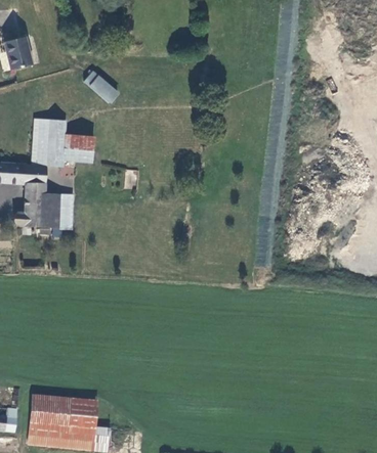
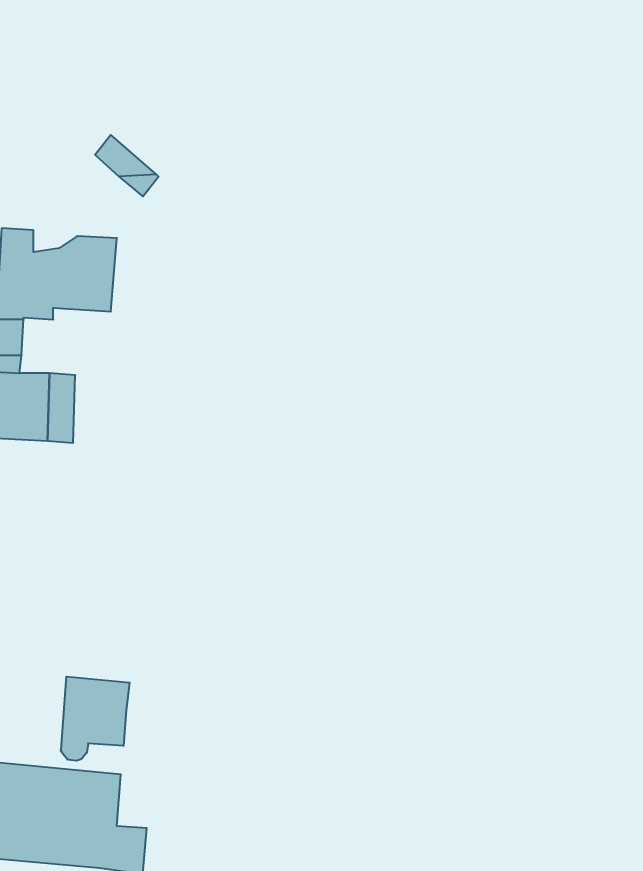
building: none -> [61,677,130,761]

